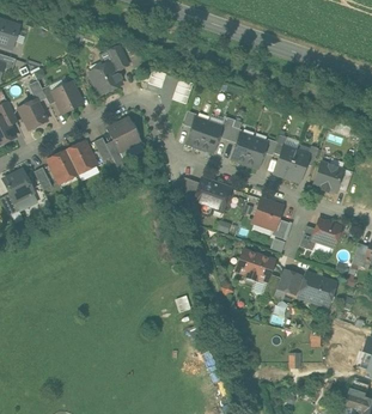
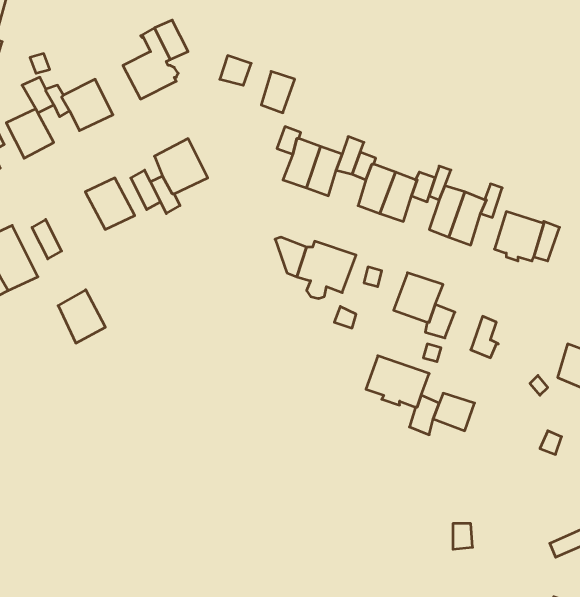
building: [49,150,78,182] -> [58,290,105,343]
building: [311,219,341,246] -> none
building: [299,273,335,305] -> none

